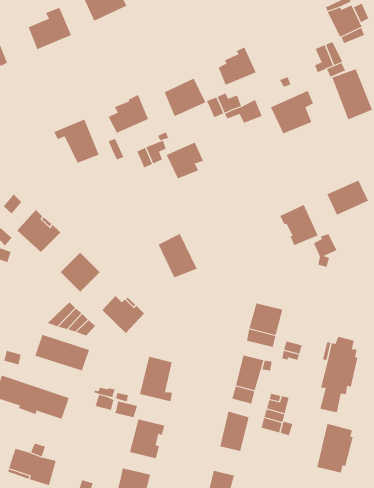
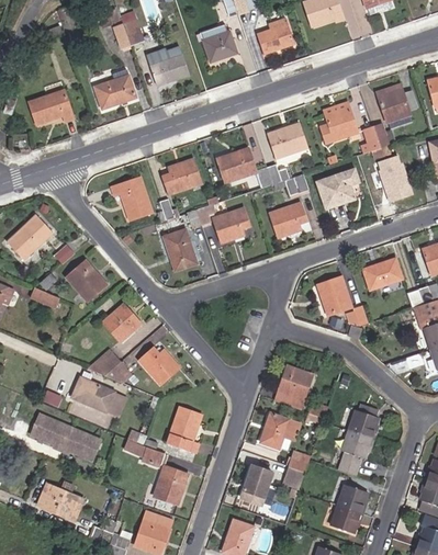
building: none -> [318,110,356,143]
building: none -> [267,202,304,237]
building: [158,233,197,278] -> [161,229,196,271]

